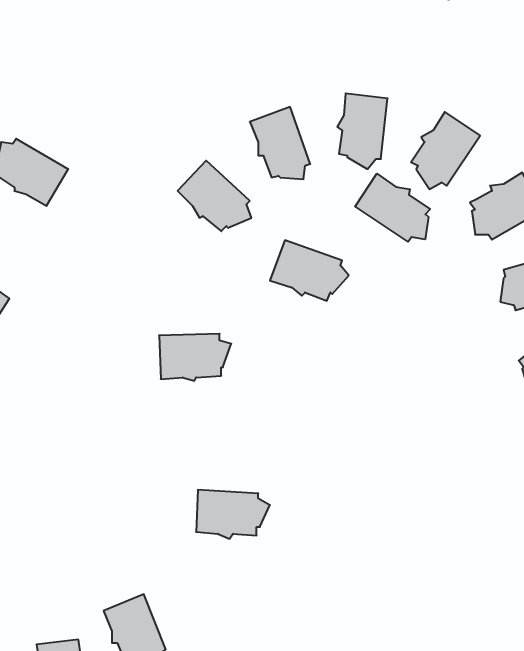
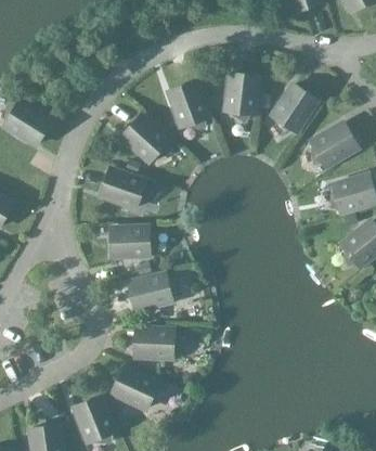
building: [355,174,430,242] -> none
building: [270,240,349,301] -> [98,169,148,208]
building: none -> [127,274,173,310]
building: none -> [109,368,160,409]

